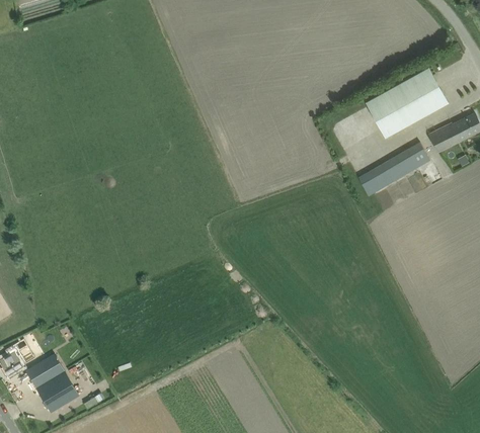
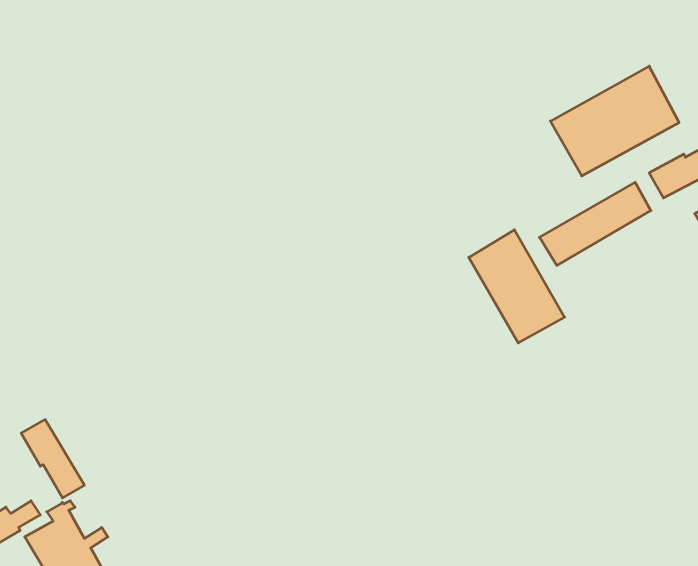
building: none -> [469,230,565,343]
building: none -> [21,420,84,498]

